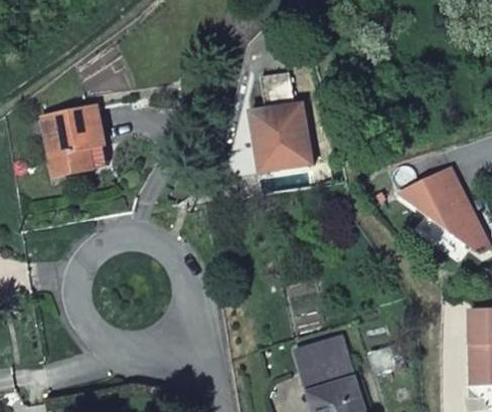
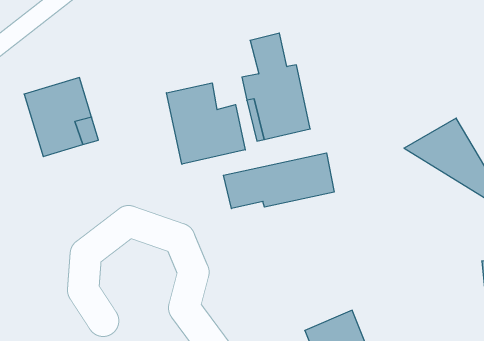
building: none -> [166,83,245,164]
building: none -> [223,153,334,209]

